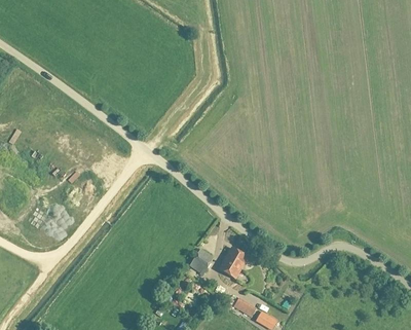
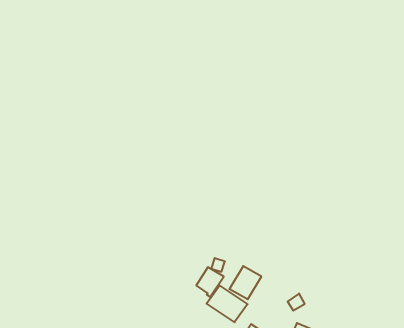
building: none -> [207,285,248,322]

